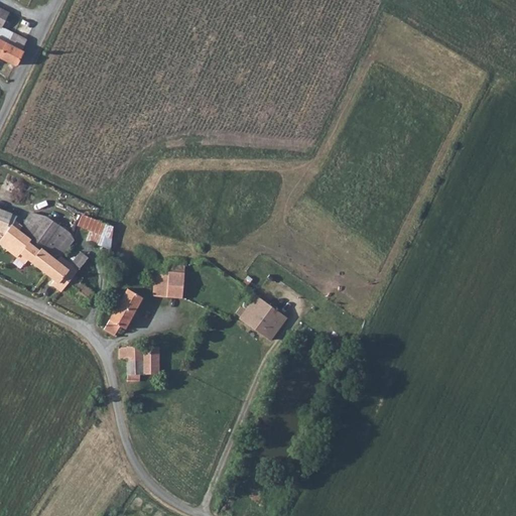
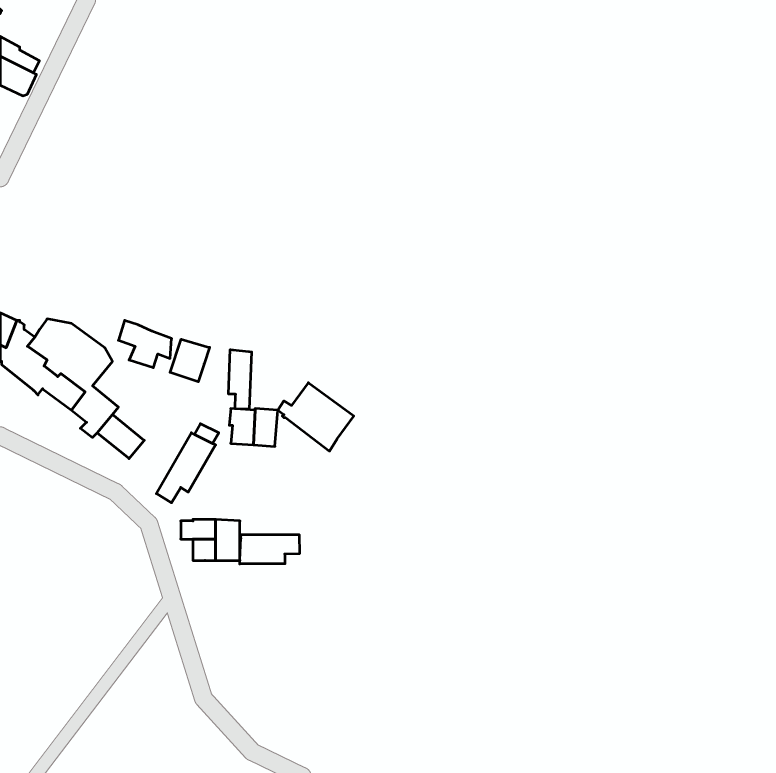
building: none -> [170,339,210,382]
building: none -> [229,350,252,409]
building: [238,295,288,341] -> [278,383,354,451]
building: none -> [240,535,299,564]

